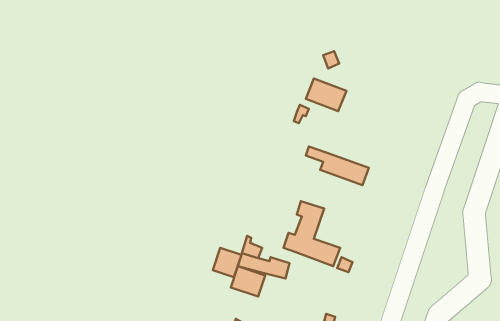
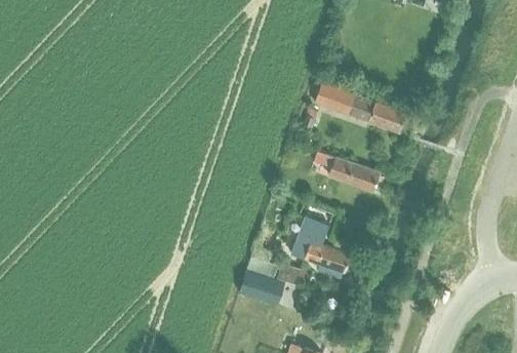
building: none -> [347,95,406,135]
building: [213,248,241,277] -> none

